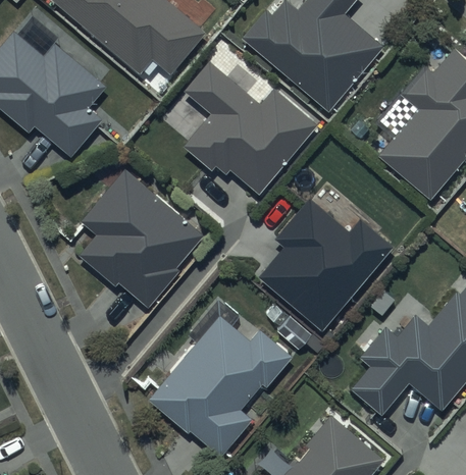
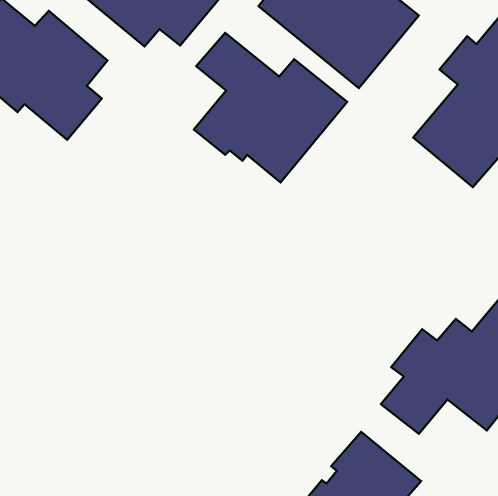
building: [80,171,201,308] -> none
building: [259,199,393,330] -> none
building: [152,316,294,456] -> none

